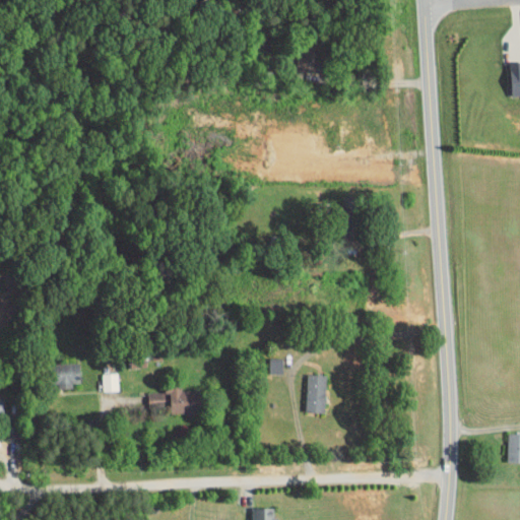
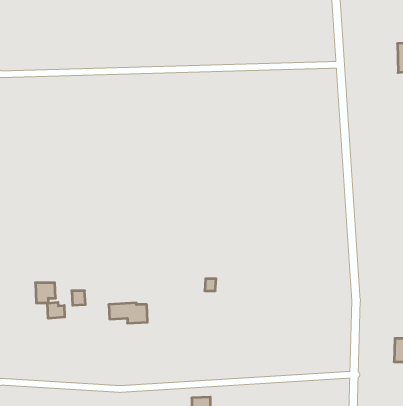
building: [306,375,326,413] -> none
building: none -> [48,302,65,318]

